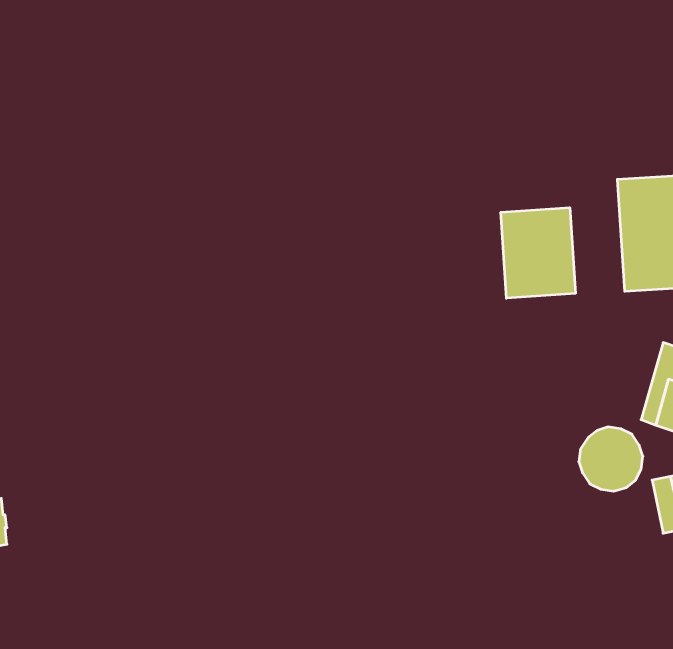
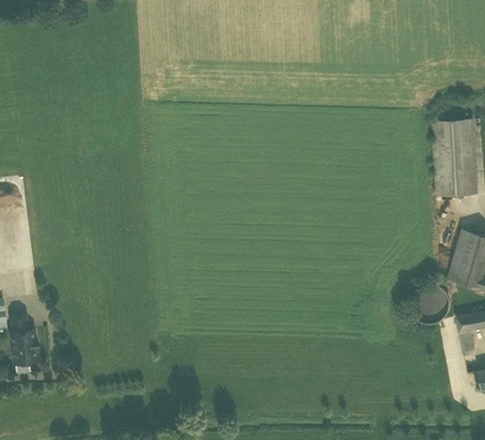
building: [501,208,575,298] -> none

